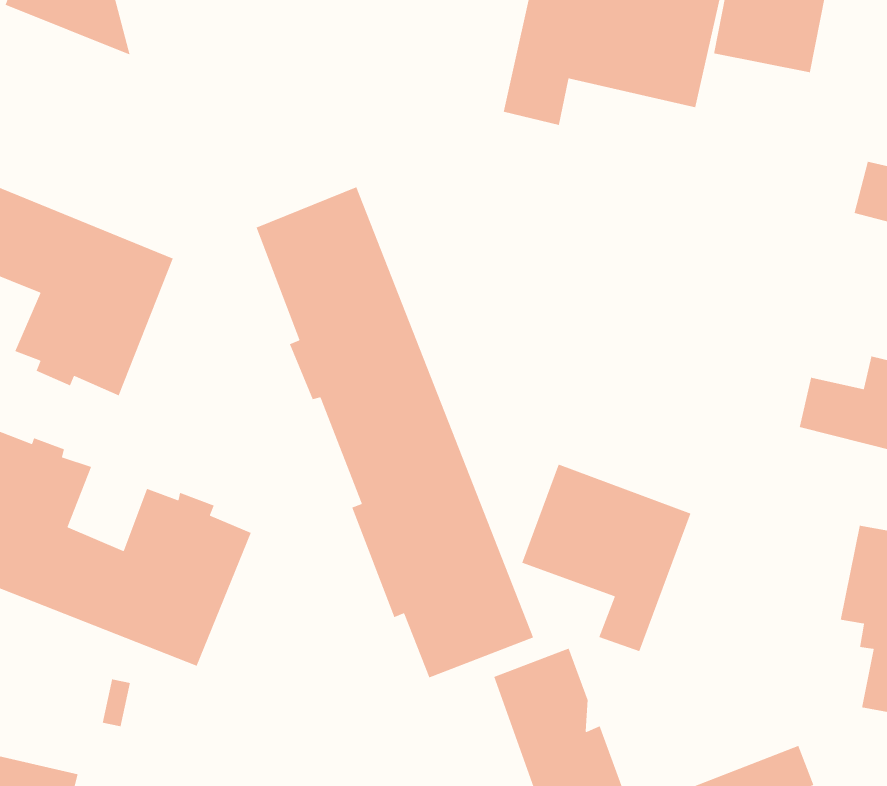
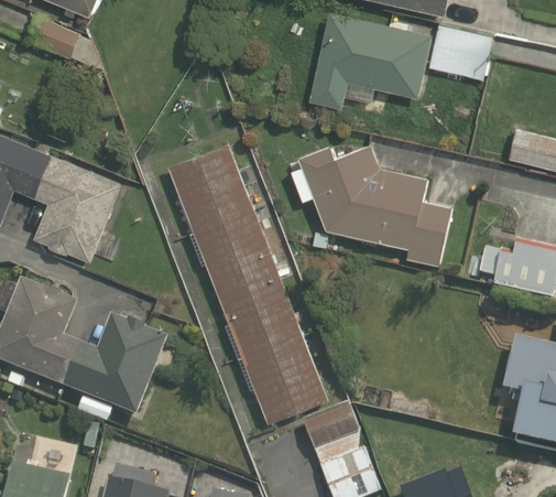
building: none -> [299,144,451,267]
building: [521,464,691,652] -> none

